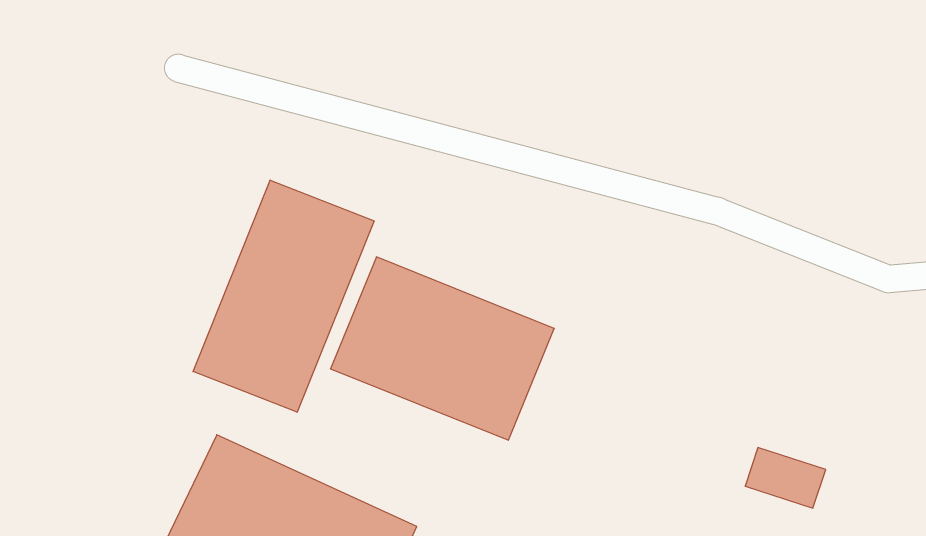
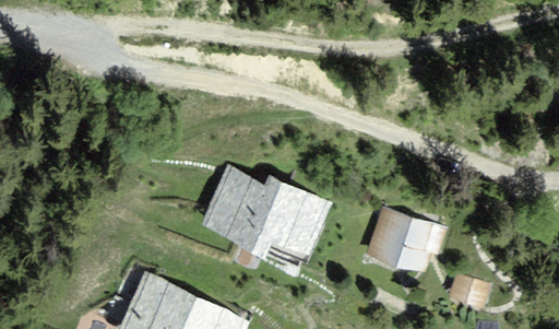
building: [193,180,374,412] -> none
building: none -> [362,209,449,274]

